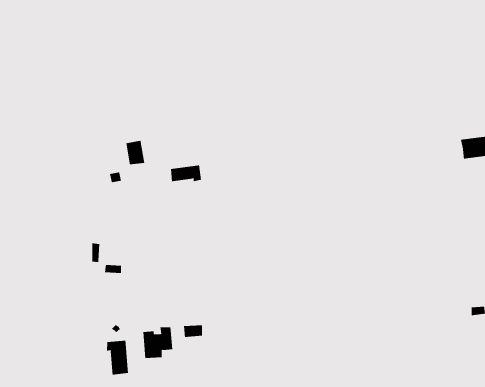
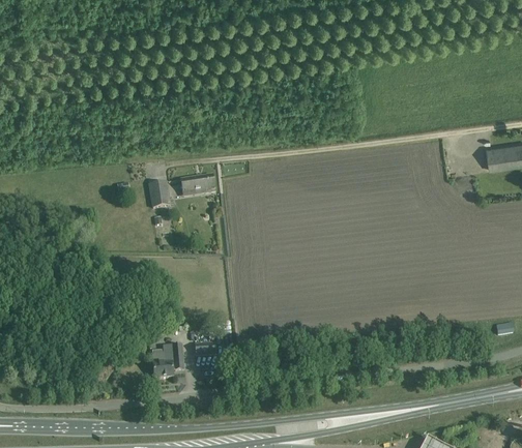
building: [125,140,145,165] -> [149,181,170,207]
building: [107,340,128,375] -> none

